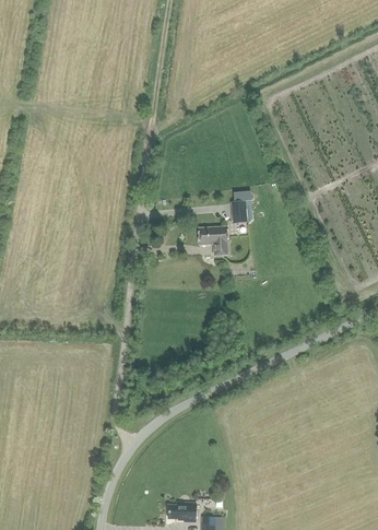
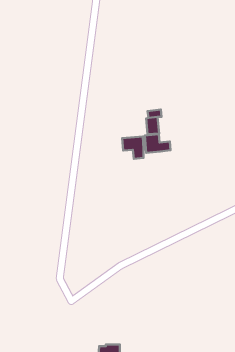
building: none -> [145,134,171,153]

